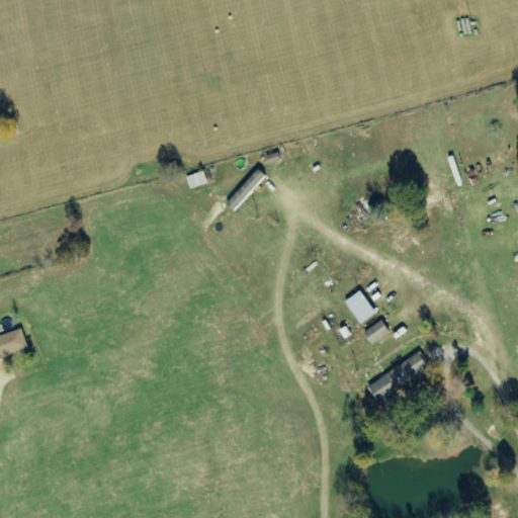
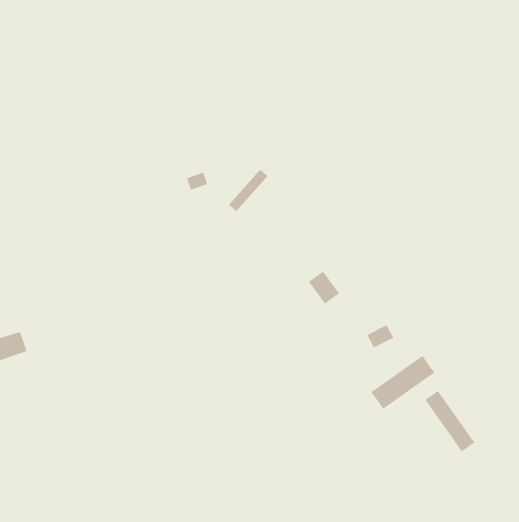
building: [344,290,375,324] -> [308,271,340,304]
building: none -> [425,390,475,452]

